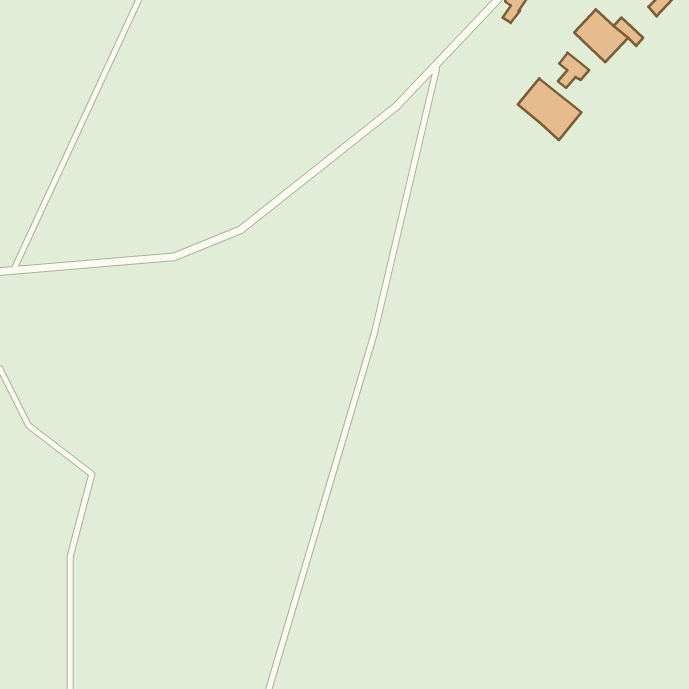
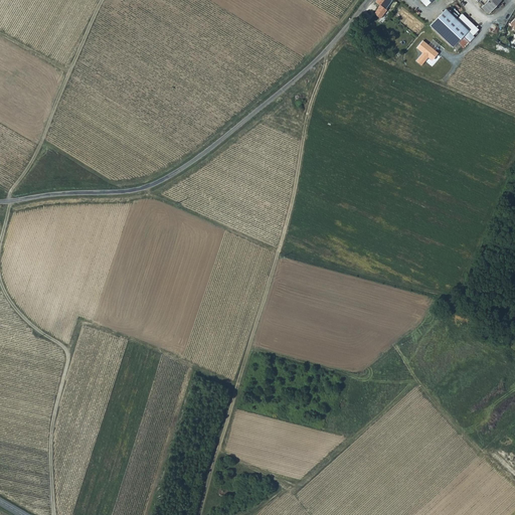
building: [518,78,581,140] -> none

